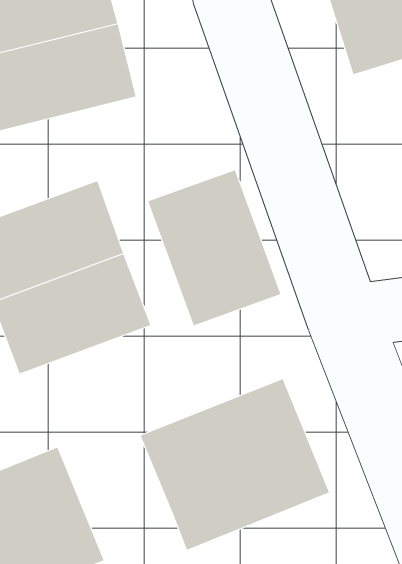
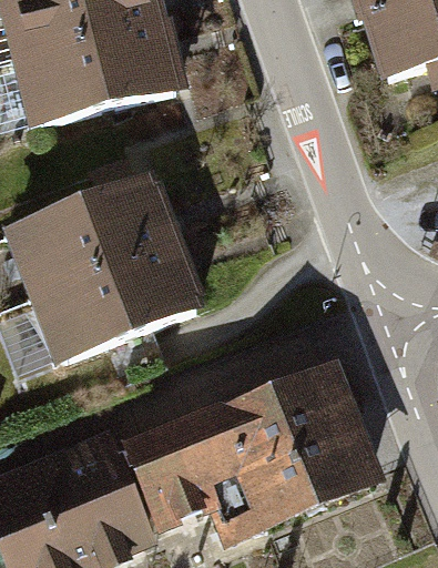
building: [148,169,281,326] -> none
building: none -> [130,425,212,524]

